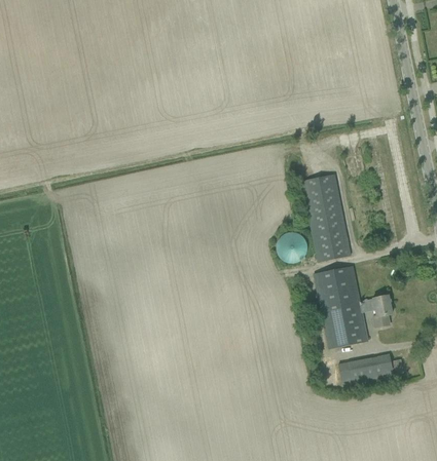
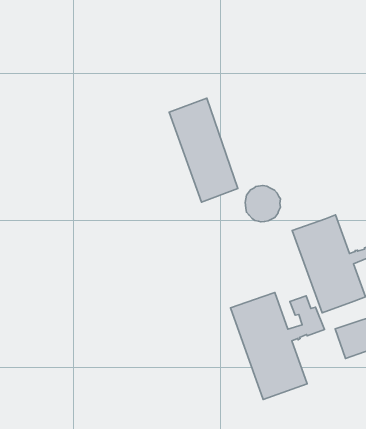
building: [301,172,351,261] -> [169,98,238,202]
building: none -> [231,292,324,399]

